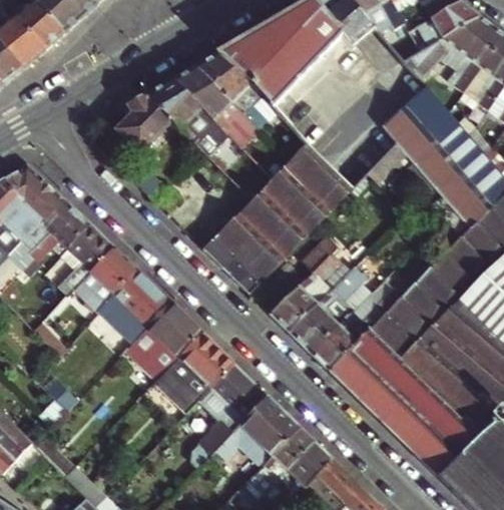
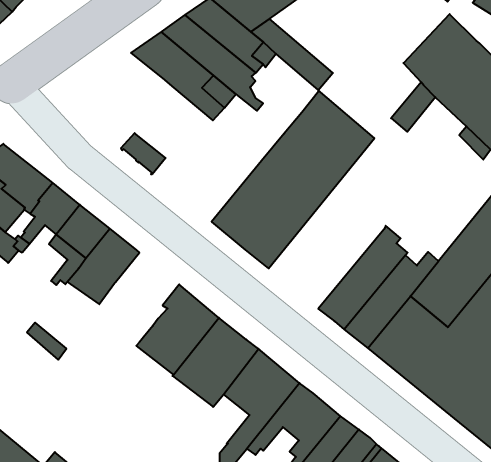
building: [117,95,173,153] -> none
building: [259,236,353,333] -> none
building: [99,270,170,344] -> none

